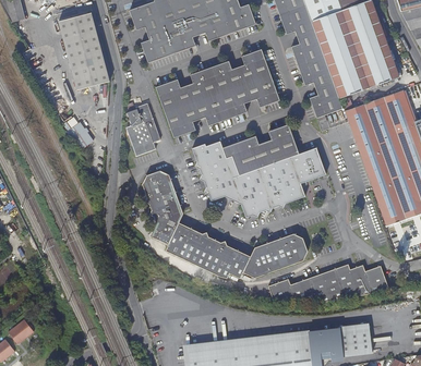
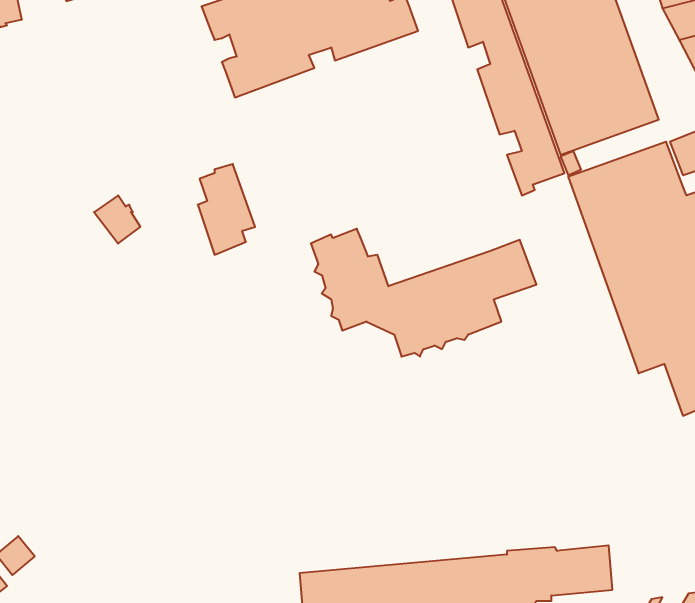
building: [58,12,109,89] -> none
building: [156,49,279,137] -> none
building: [222,123,299,174] -> none
building: [143,171,309,279] -> none
building: [268,264,389,301] -> none

